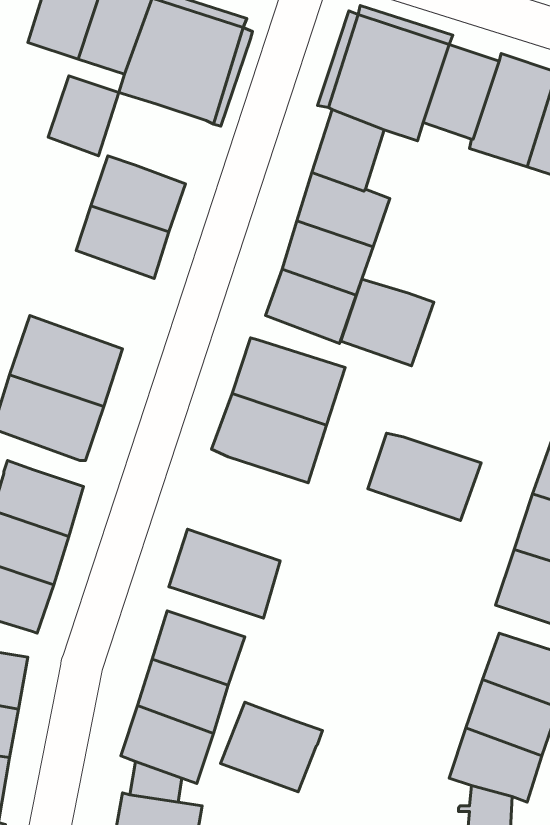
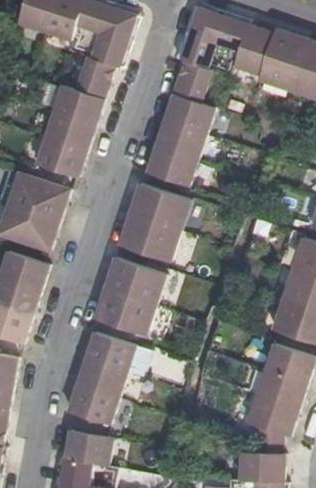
building: [48,76,119,156] -> [76,58,114,101]
building: none -> [35,138,86,179]
building: [341,279,434,366] -> none
building: [368,433,481,520] -> [104,258,166,305]
building: [220,702,323,792] -> none

